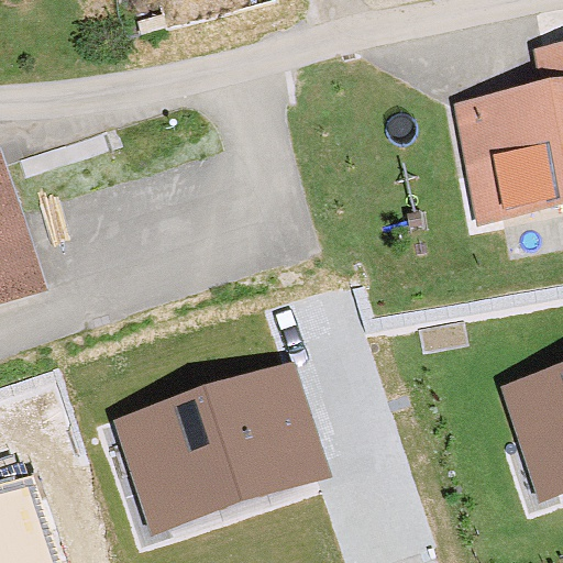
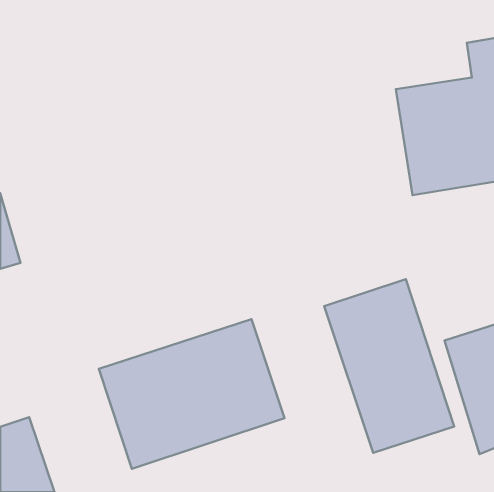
building: none -> [324,279,454,453]

